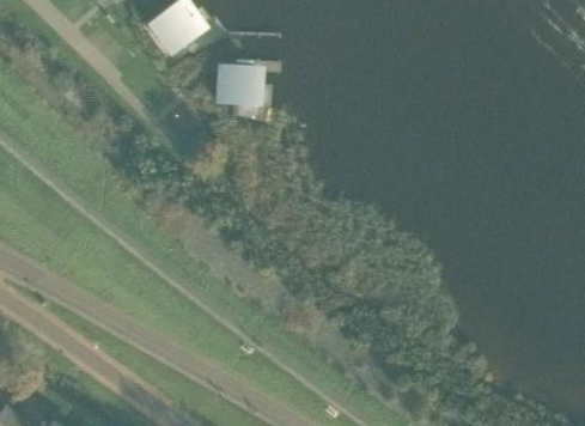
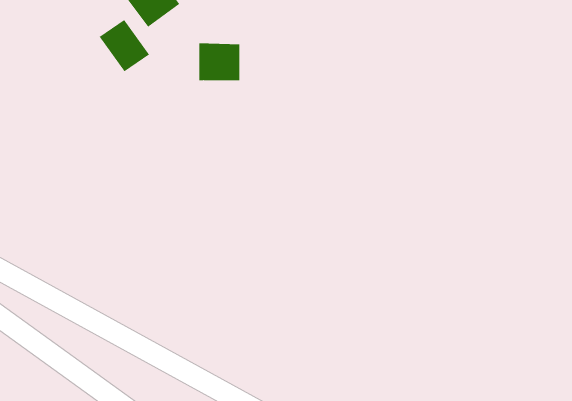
building: none -> [99,19,150,72]

